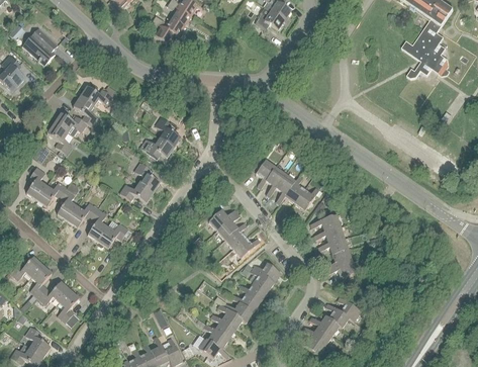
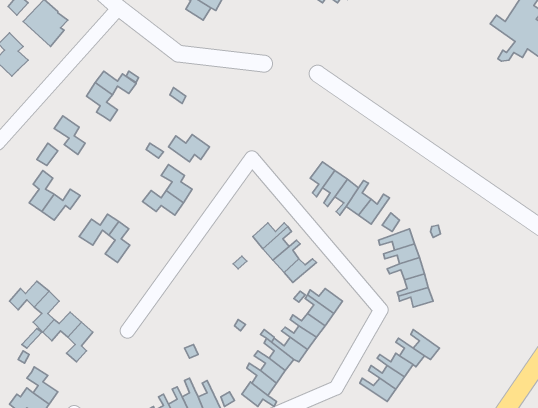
building: [54,112,86,135] -> none
building: [155,117,180,148] -> none
building: [57,182,78,220] -> none
building: [98,220,129,249] -> none

